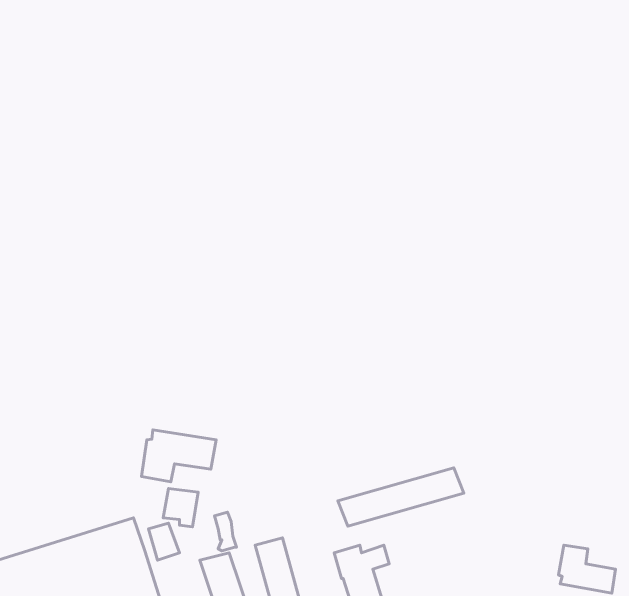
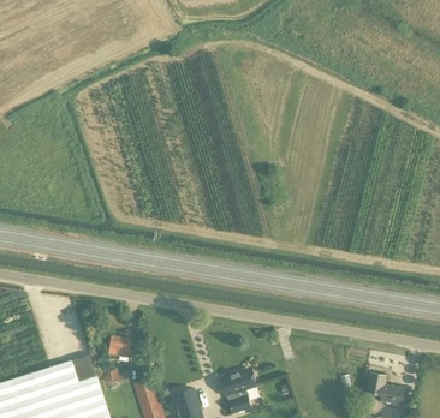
building: [141,430,216,482] -> none
building: [338,468,464,526] -> none

